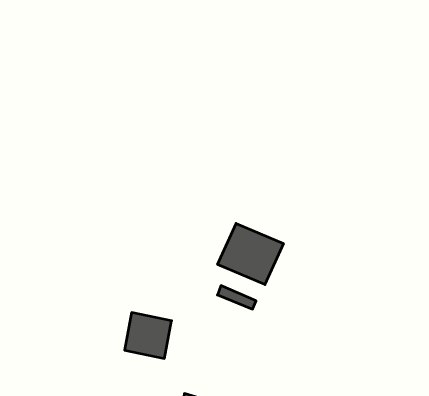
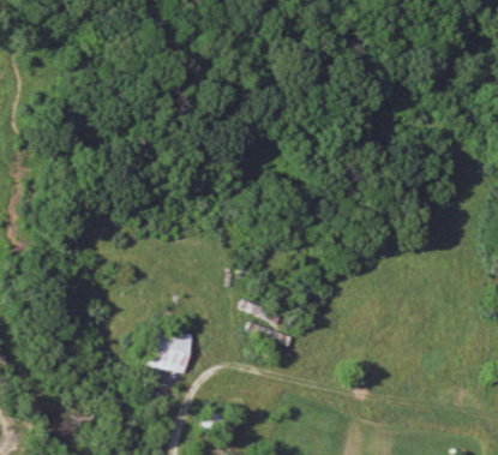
building: [218,223,283,285] -> none

